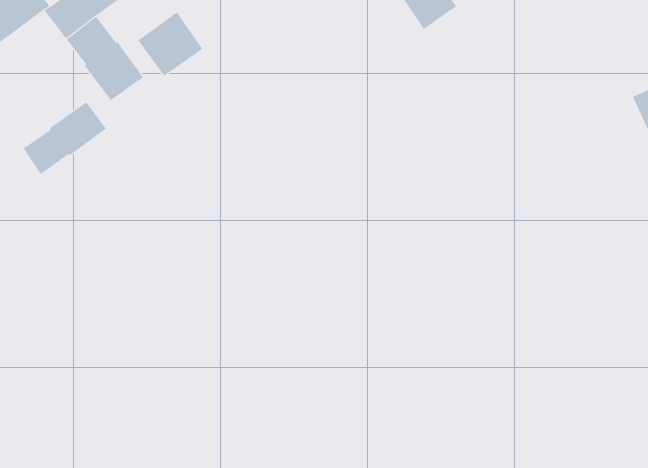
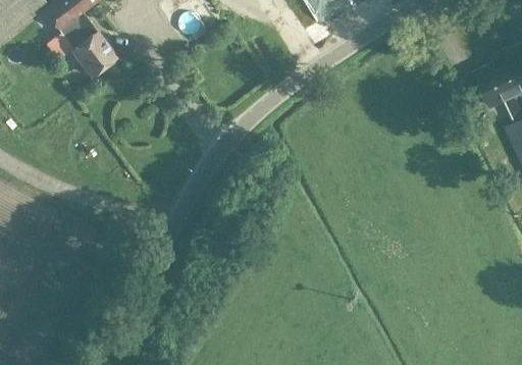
building: [138,11,203,77] -> none
building: [23,102,107,175] -> none

